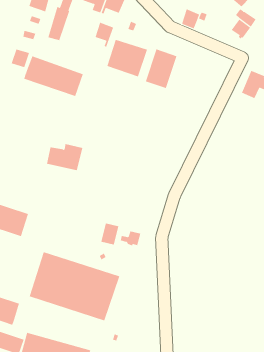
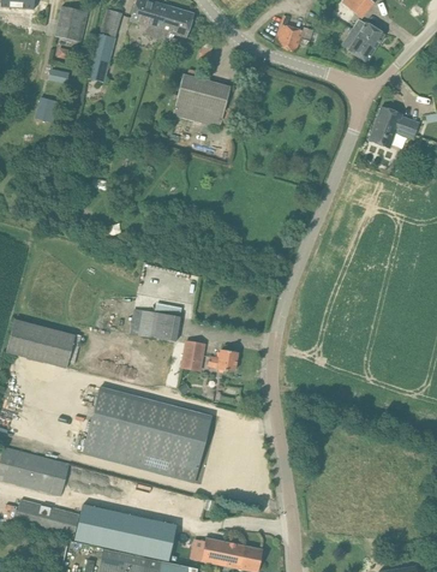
building: [95,22,114,47] -> none
building: [145,49,177,89] -> none
building: [24,55,83,97] -> none
building: [46,143,83,171] -> [130,303,181,341]

